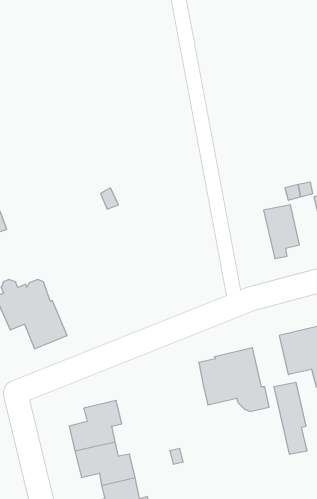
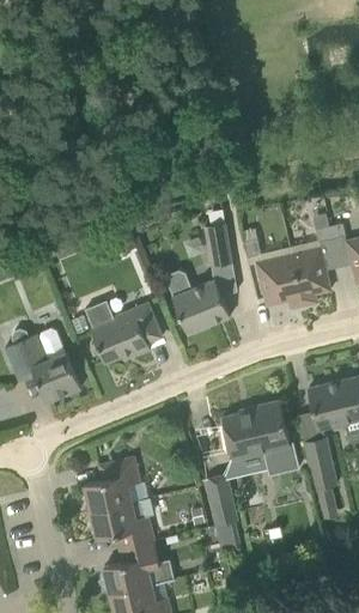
building: none -> [203,223,232,268]
building: none -> [243,237,304,309]
building: none -> [165,269,230,334]
building: none -> [85,301,162,363]
building: none -> [203,474,238,526]

